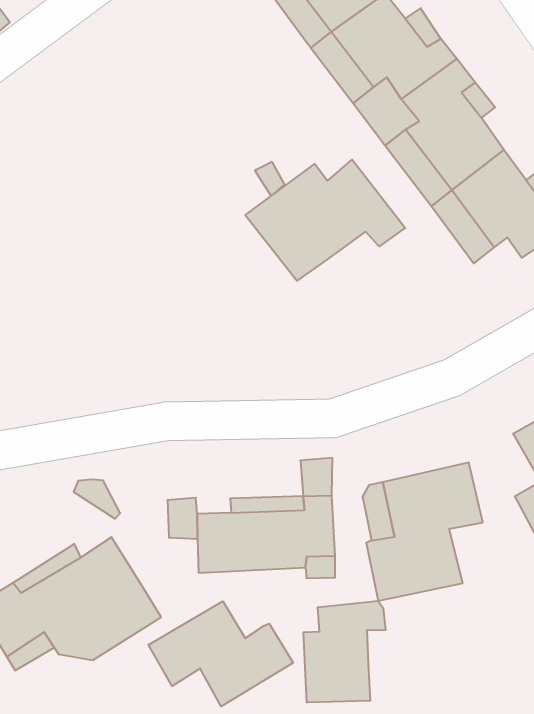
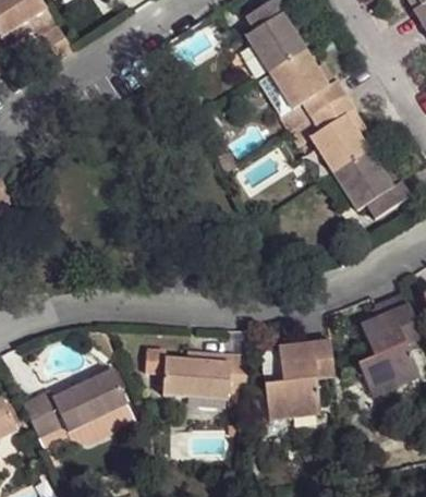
building: [245,160,405,281] -> none
building: [303,601,385,703] -> none
building: [148,601,293,706] -> none

